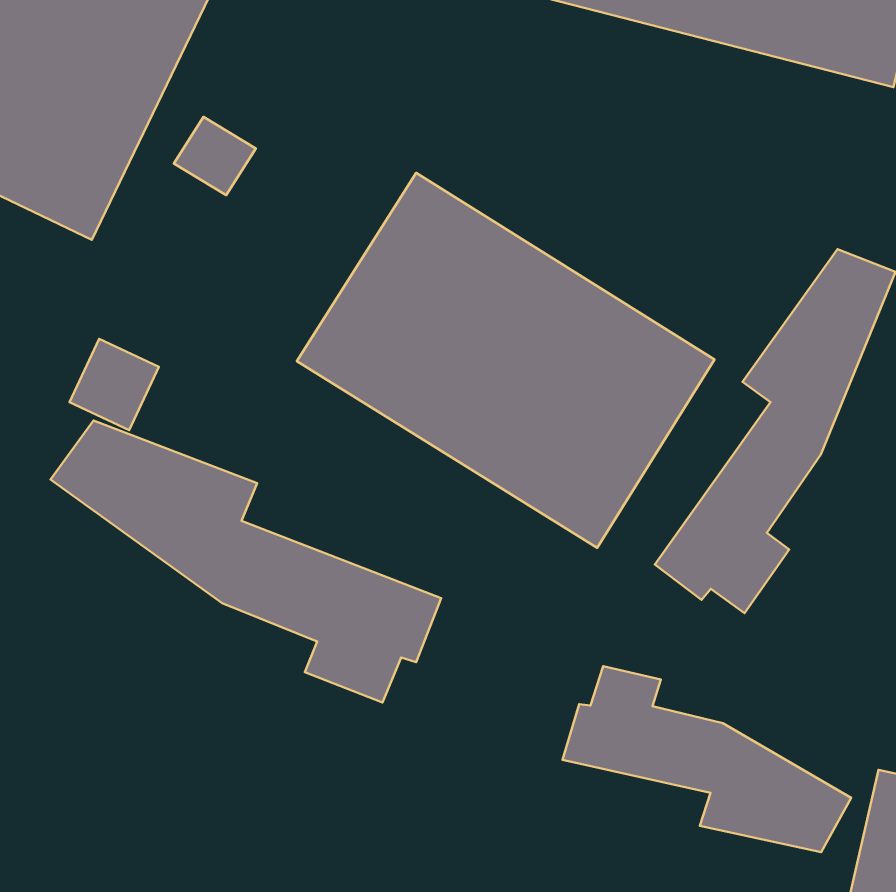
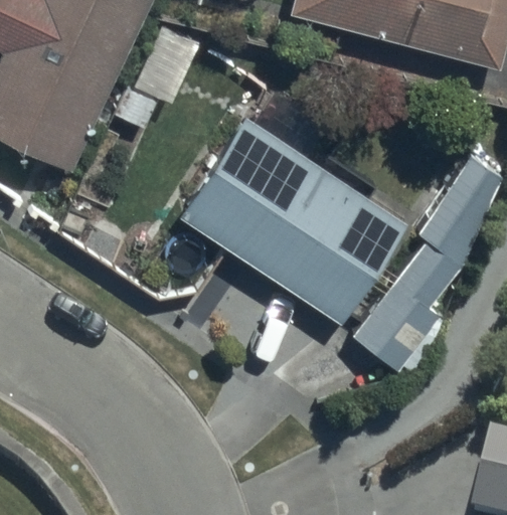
building: [51,421,441,703] -> none
building: [562,666,851,852] -> none

